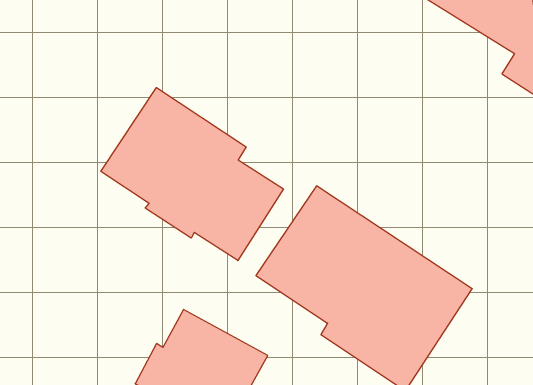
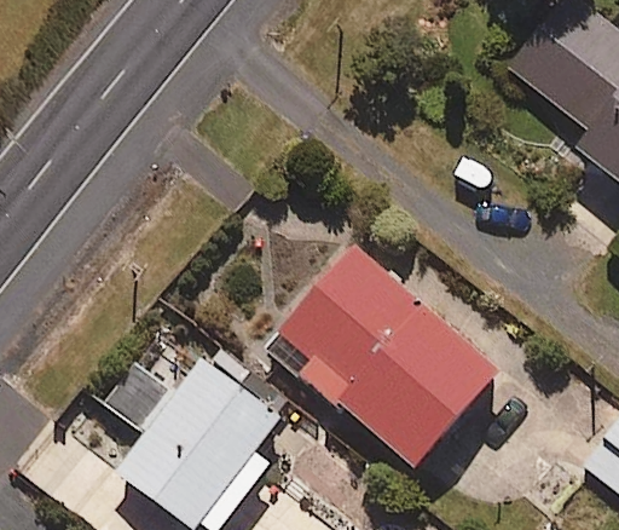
building: [101,88,283,261] -> none

